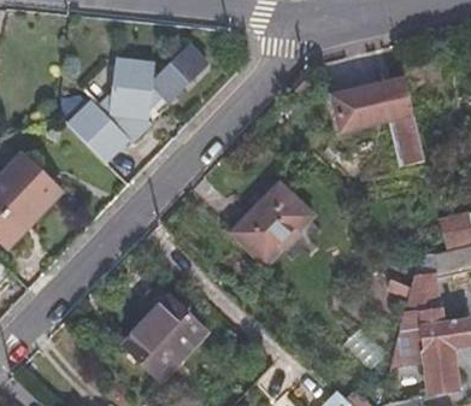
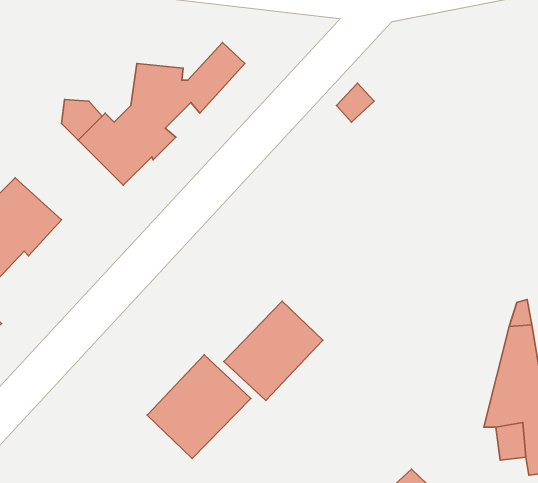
building: [334,82,426,170] -> none
building: [232,186,312,265] -> [224,301,323,400]

